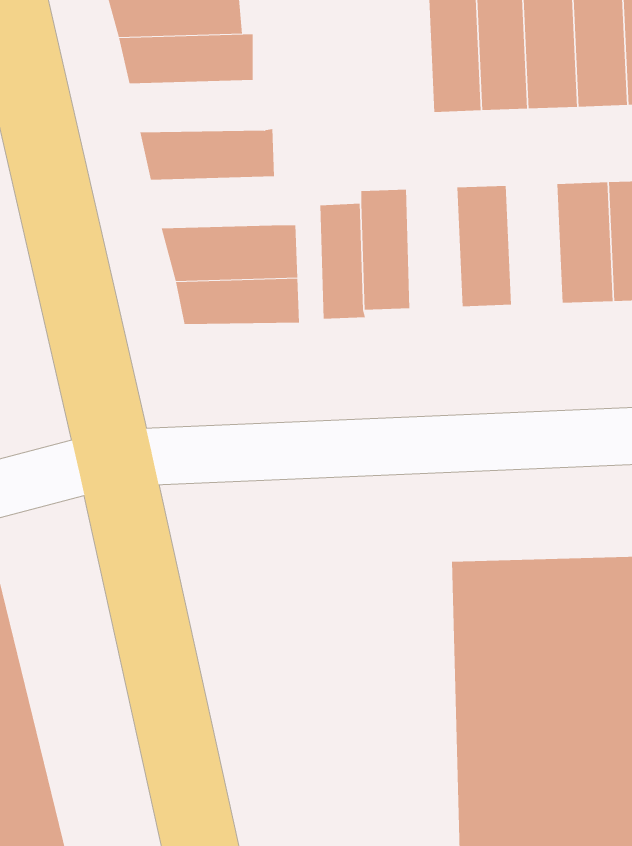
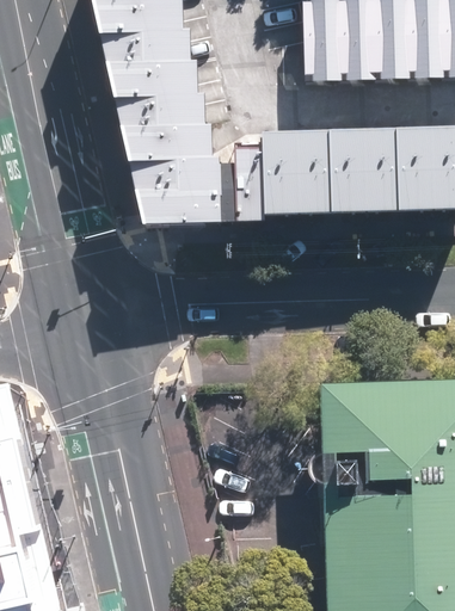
building: none -> [106,60,197,94]
building: none -> [121,124,210,159]
building: none -> [359,129,396,210]
building: none -> [293,131,330,212]

